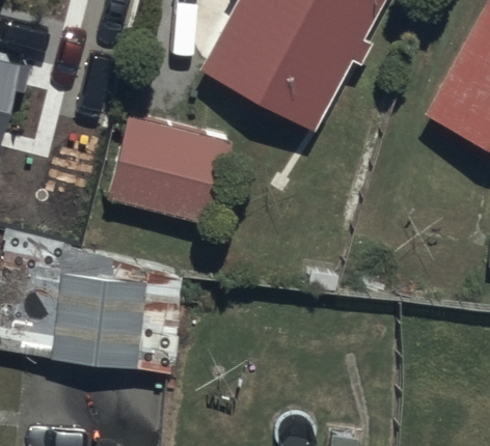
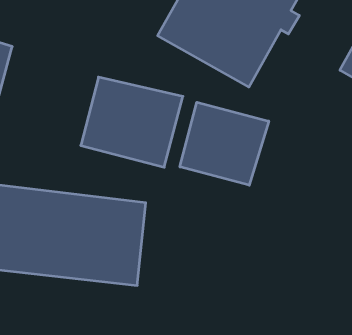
building: none -> [180,102,269,185]

